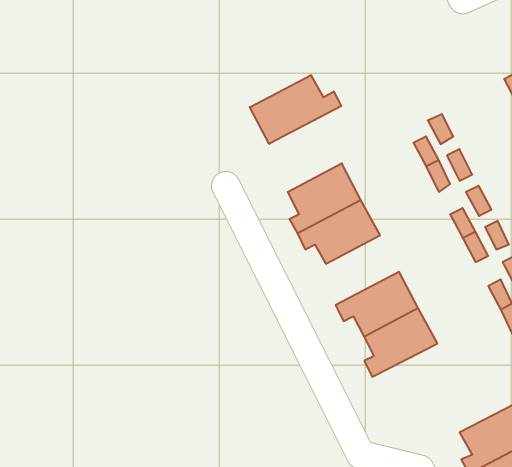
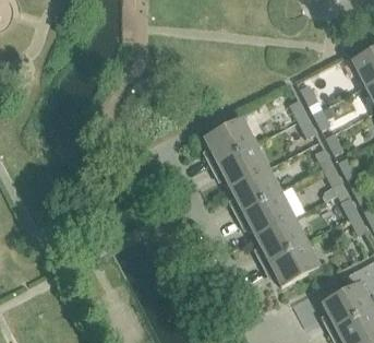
building: [250,75,341,144] -> none
building: none -> [230,166,280,214]
building: none -> [262,240,318,285]

